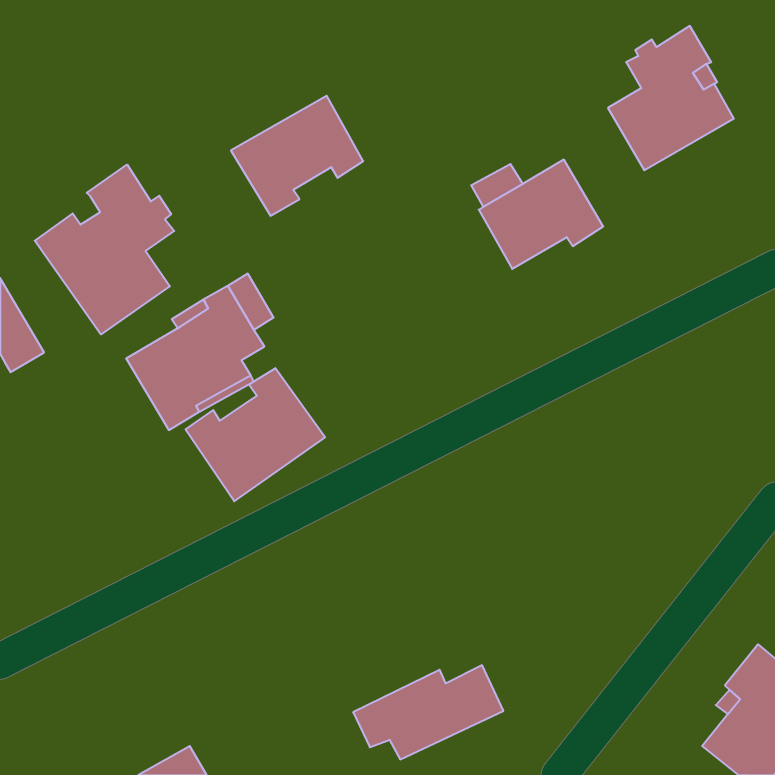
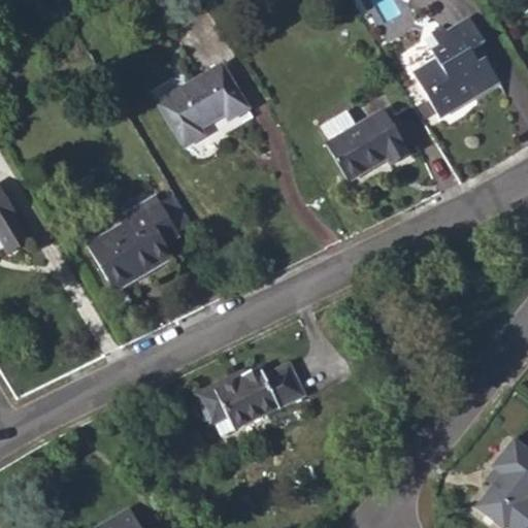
building: [35,165,174,334] -> none
building: [186,368,325,501] -> none
building: [353,665,503,759] -> [201,363,303,427]

